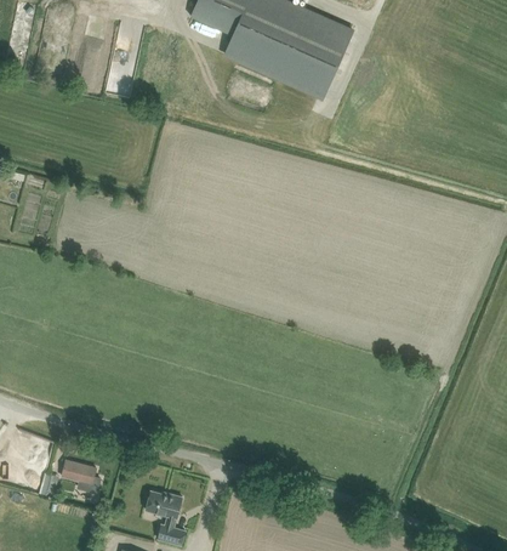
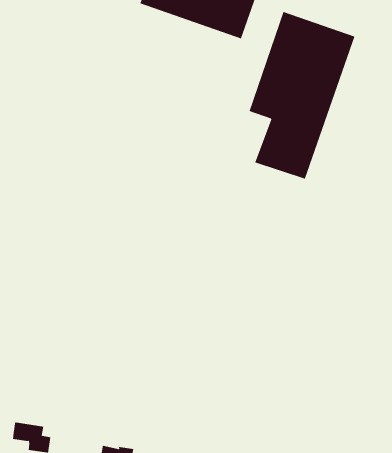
building: none -> [249,11,355,179]

